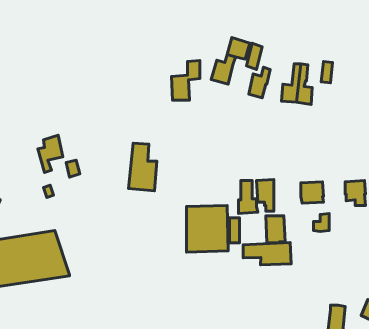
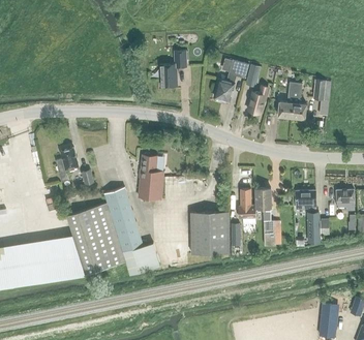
building: [171,60,200,100] -> [159,51,185,87]
building: none -> [64,187,159,276]
building: [243,242,291,265] -> none

